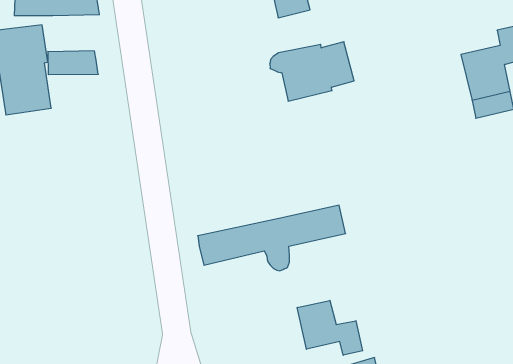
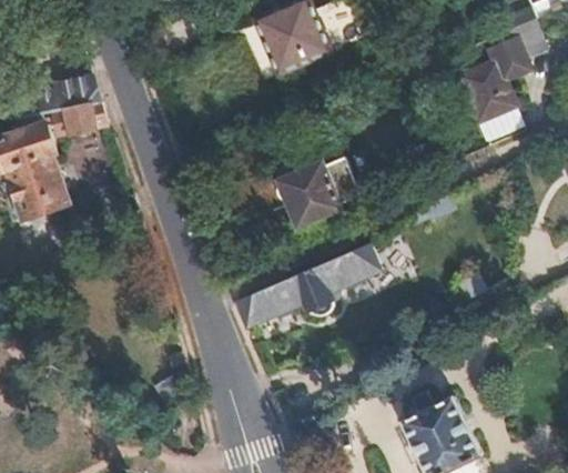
building: [270,42,354,101] -> [272,157,357,224]
building: [48,51,98,75] -> [54,101,108,132]
building: [297,300,363,355] -> none

